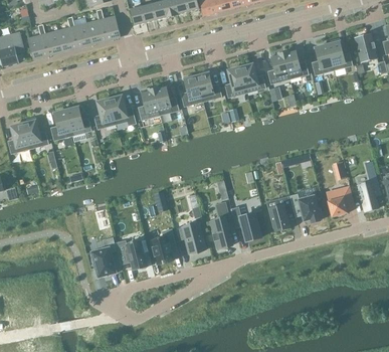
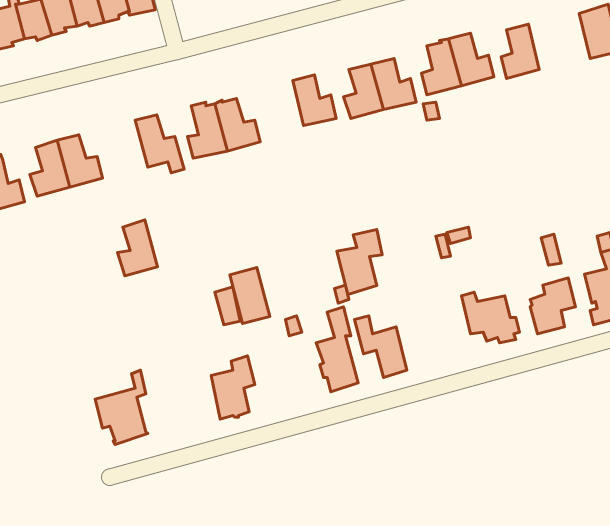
building: [327,38,352,69] -> none
building: [181,74,202,106] -> none
building: [93,98,116,129] -> [117,220,157,276]
building: [267,195,293,231] -> [337,229,382,295]
building: [182,222,204,253] -> [230,267,270,324]
building: [116,237,146,267] -> none

